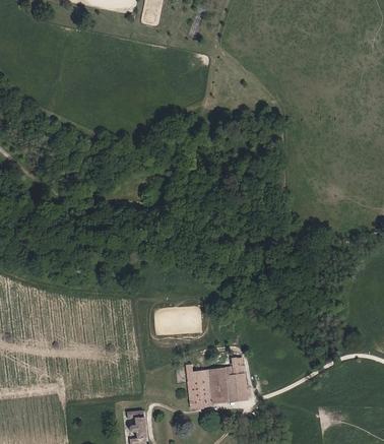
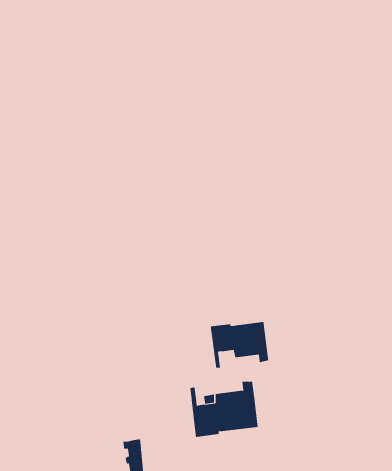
building: none -> [210,321,269,368]

